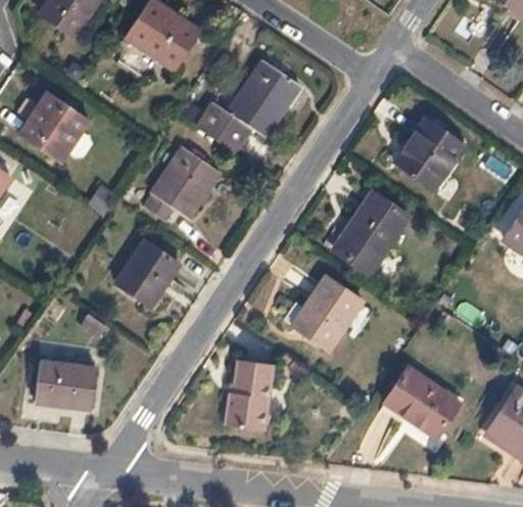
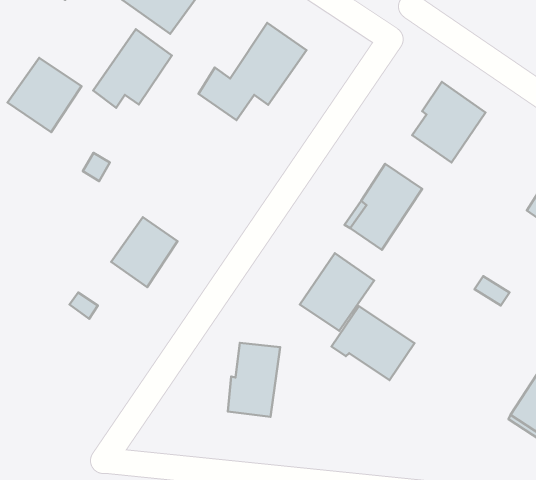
building: [144,148,218,222] -> [93,29,172,108]
building: [35,364,95,411] -> none
building: [383,367,461,436] -> [332,306,415,380]

